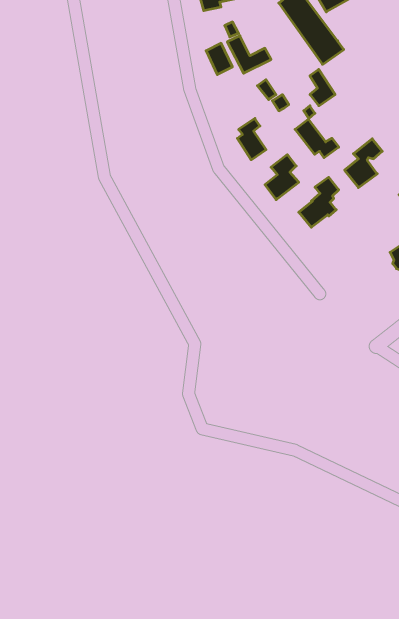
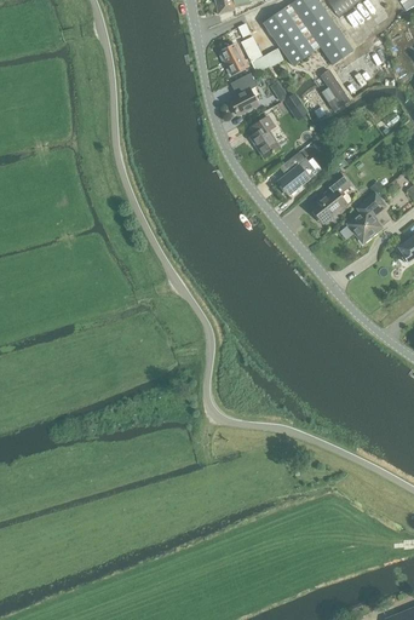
building: none -> [261,7,312,64]
building: none -> [228,71,255,113]
building: [295,119,339,158] -> none
building: [345,139,382,188] -> [347,193,384,240]

